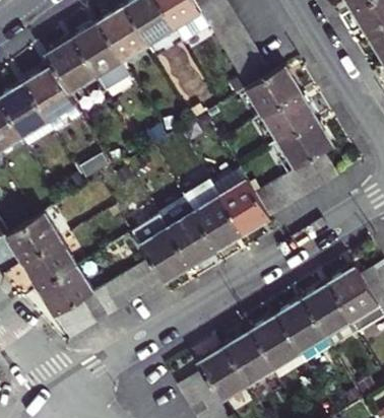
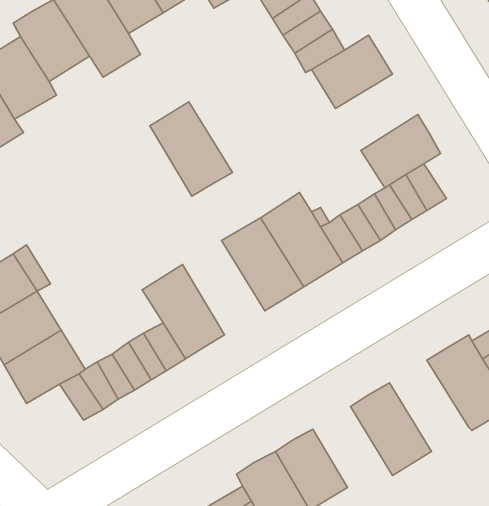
building: [262,90,318,142] -> none
building: [158,203,214,267] -> [150,102,232,196]
building: [299,284,353,346] -> none
building: [53,300,91,339] -> none
building: [247,316,301,378] -> none

